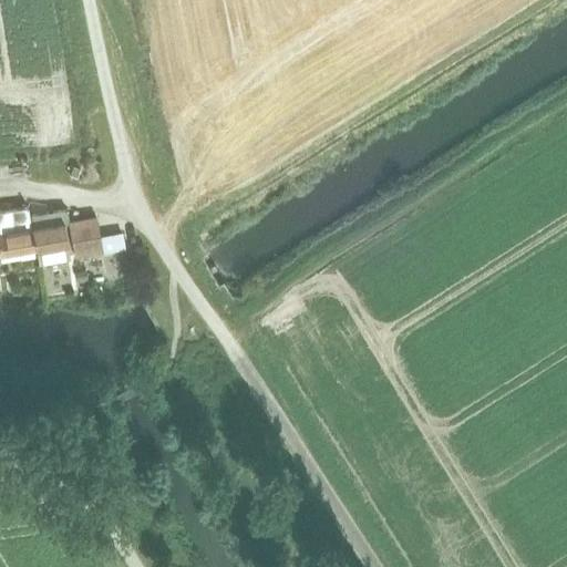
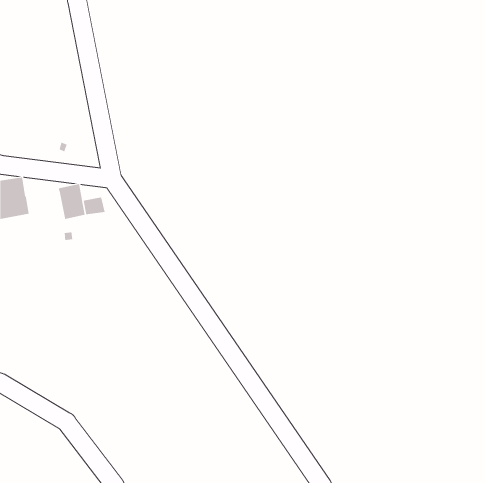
building: [30,213,68,252] -> none

